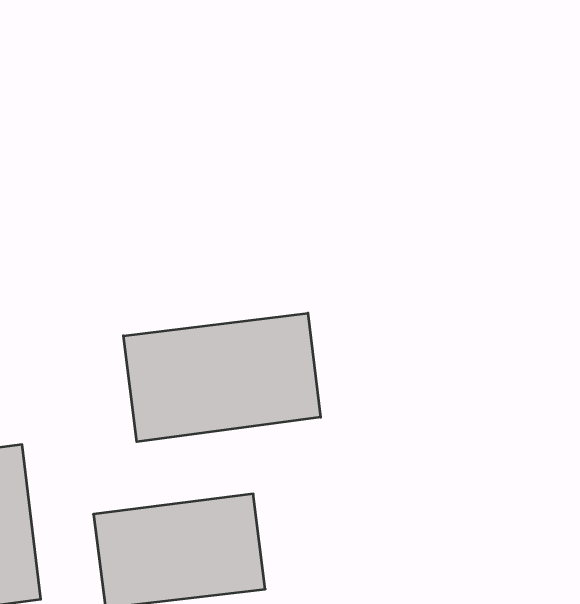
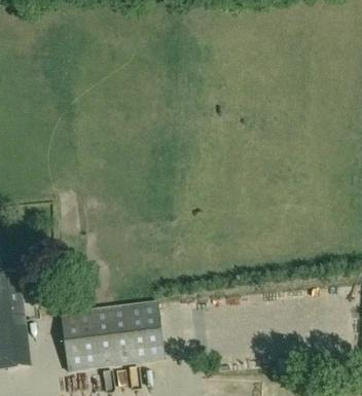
building: [123,313,321,442] -> none

